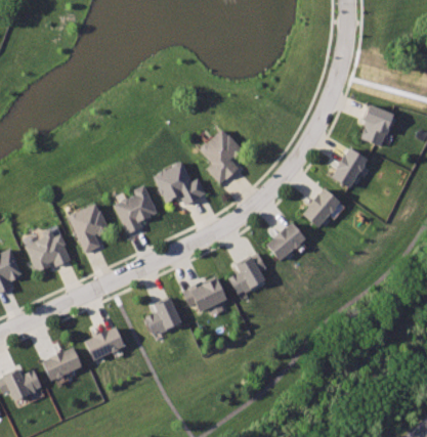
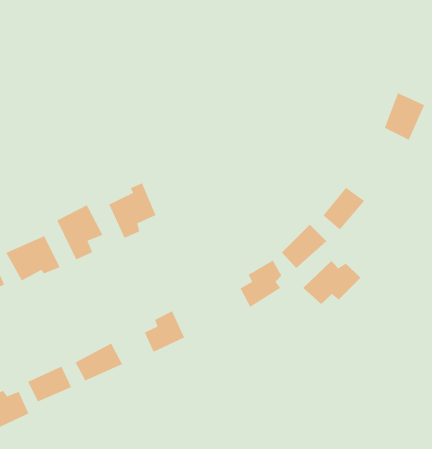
building: [200,129,244,185] -> none
building: [333,148,369,188] -> none
building: [154,162,207,205] -> none
building: none -> [302,260,361,305]
building: [184,277,230,313] -> none

